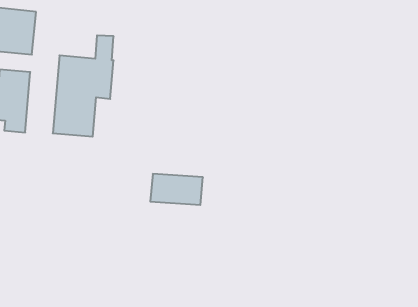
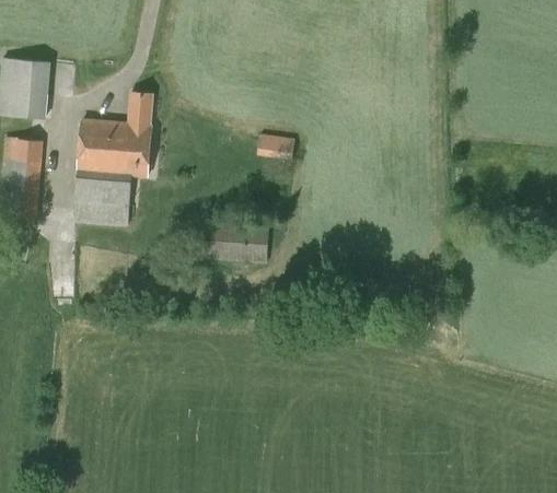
building: none -> [256,133,294,160]
building: [150,174,203,205] -> [199,222,268,262]

